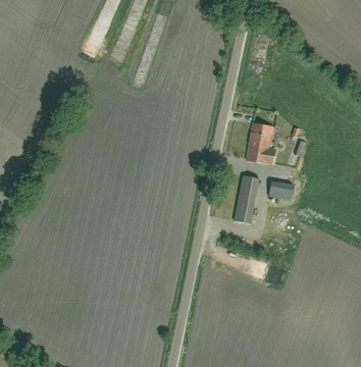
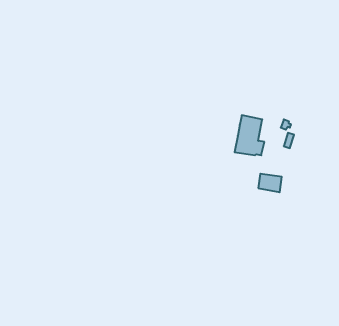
building: [235,174,259,222] -> none

